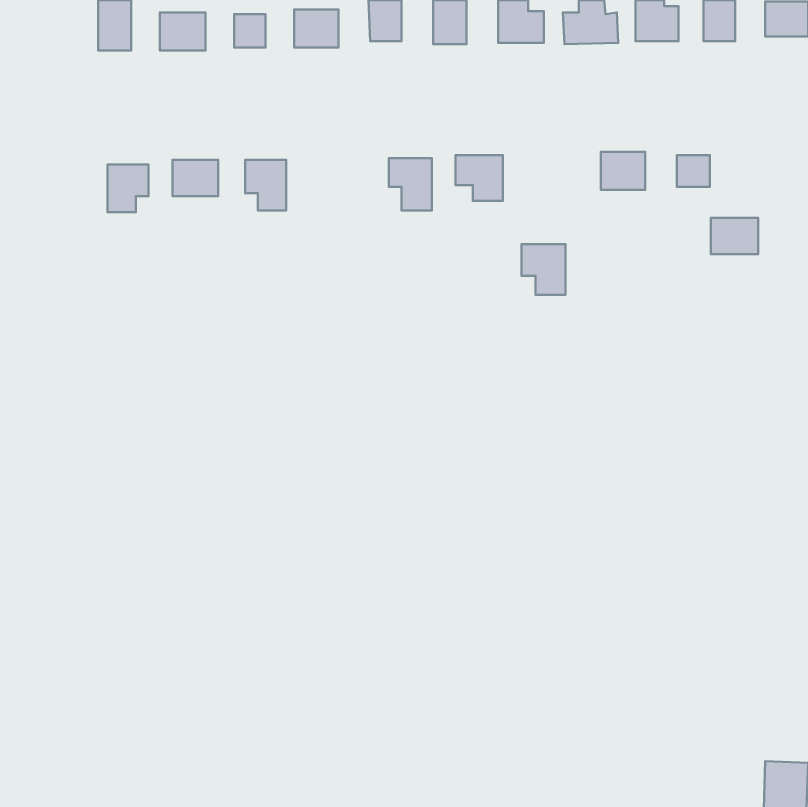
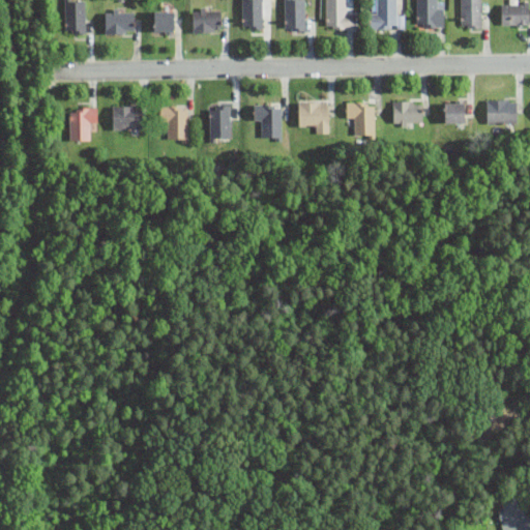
building: none -> [209,107,230,142]
building: [711,218,758,254] -> [485,99,517,123]
building: [521,244,566,295] -> [346,102,375,136]

